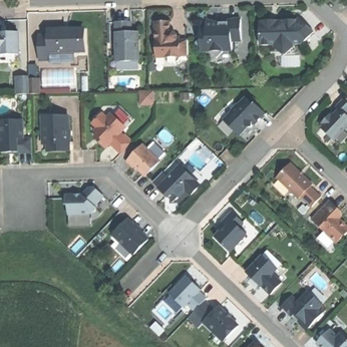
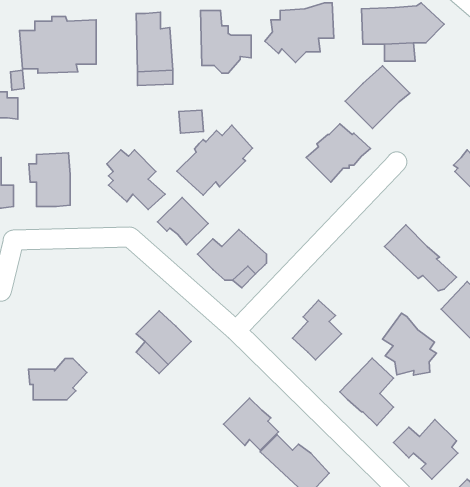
building: none -> [345,66,410,129]
building: none -> [177,125,252,195]
building: [64,186,102,213] -> [28,359,87,400]
building: none -> [382,313,436,375]

